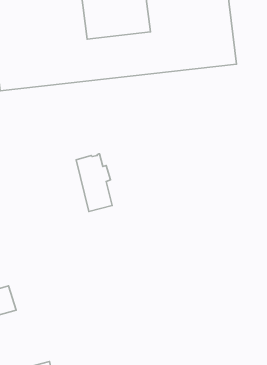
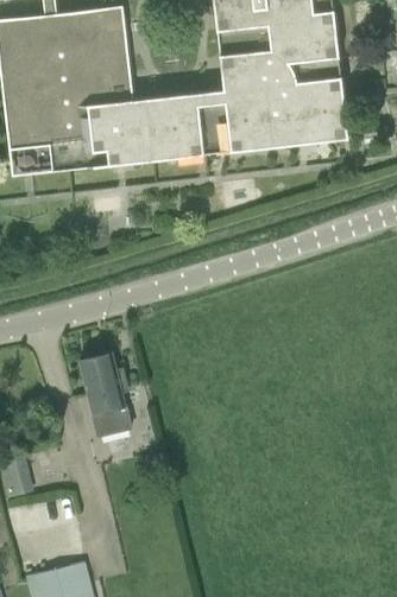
building: [76,154,112,211] -> [78,353,130,434]

